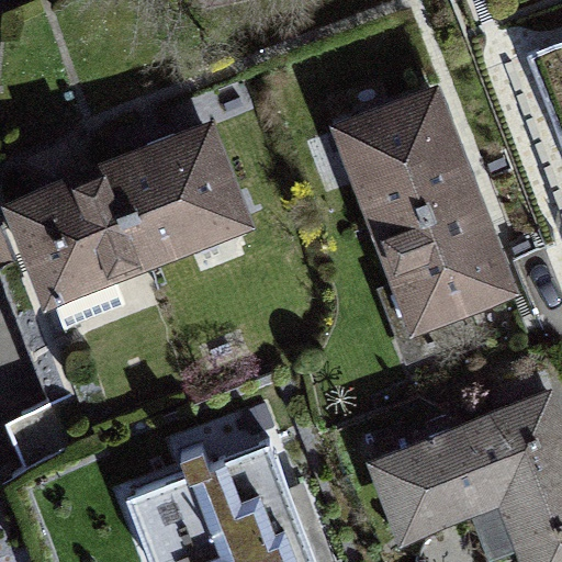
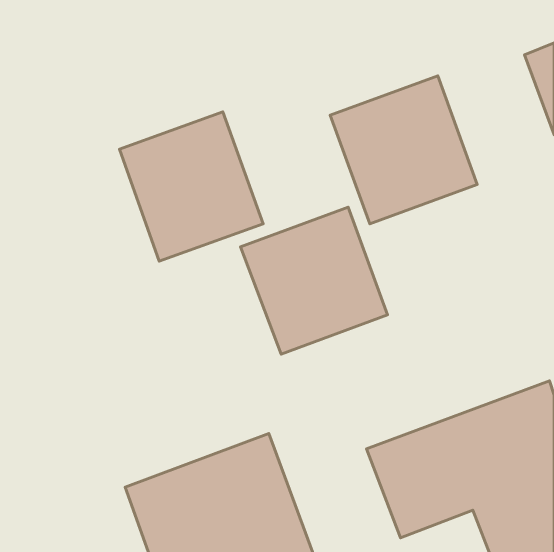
building: [15,158,159,307] -> none
building: [370,193,517,340] -> [241,207,388,354]

